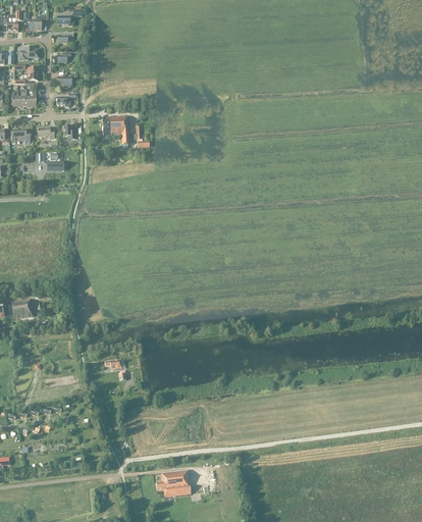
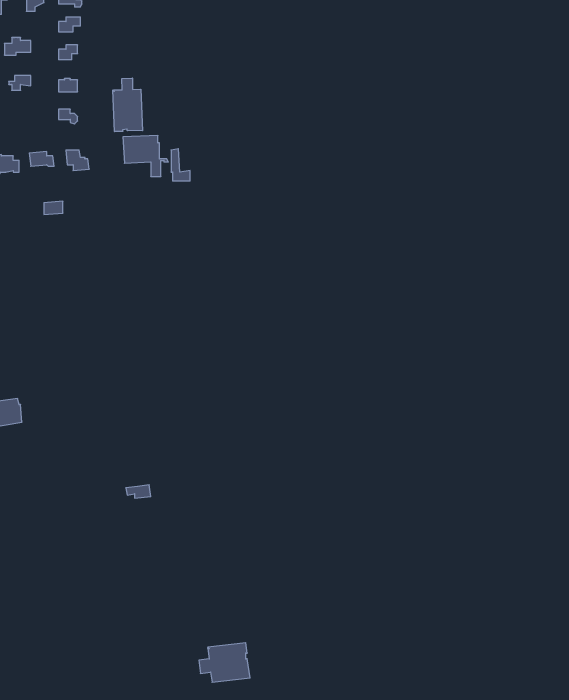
building: none -> [113,78,142,132]

